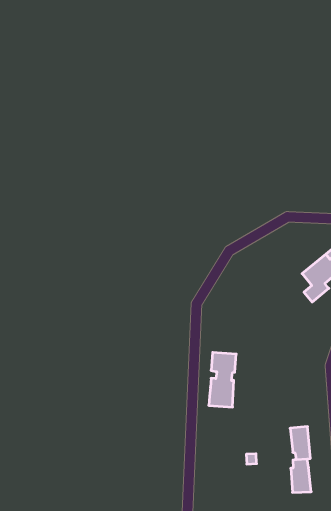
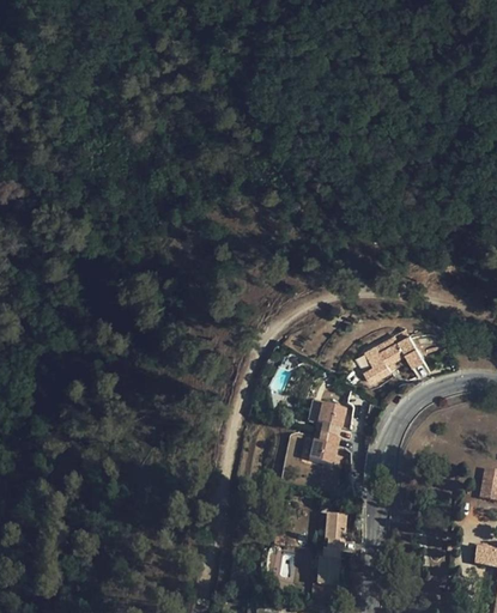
building: [209,352,236,407] -> [309,402,347,465]

